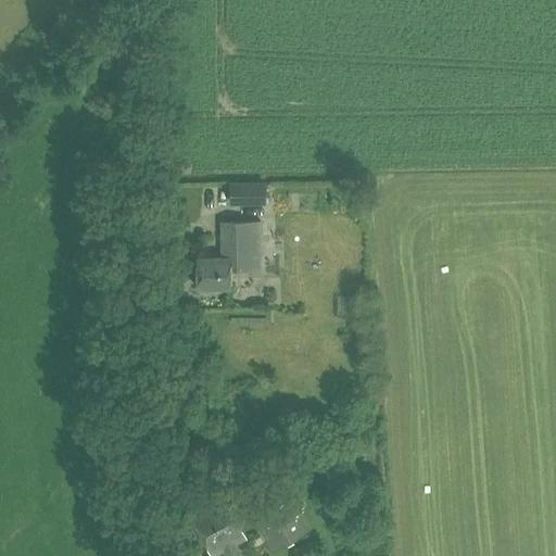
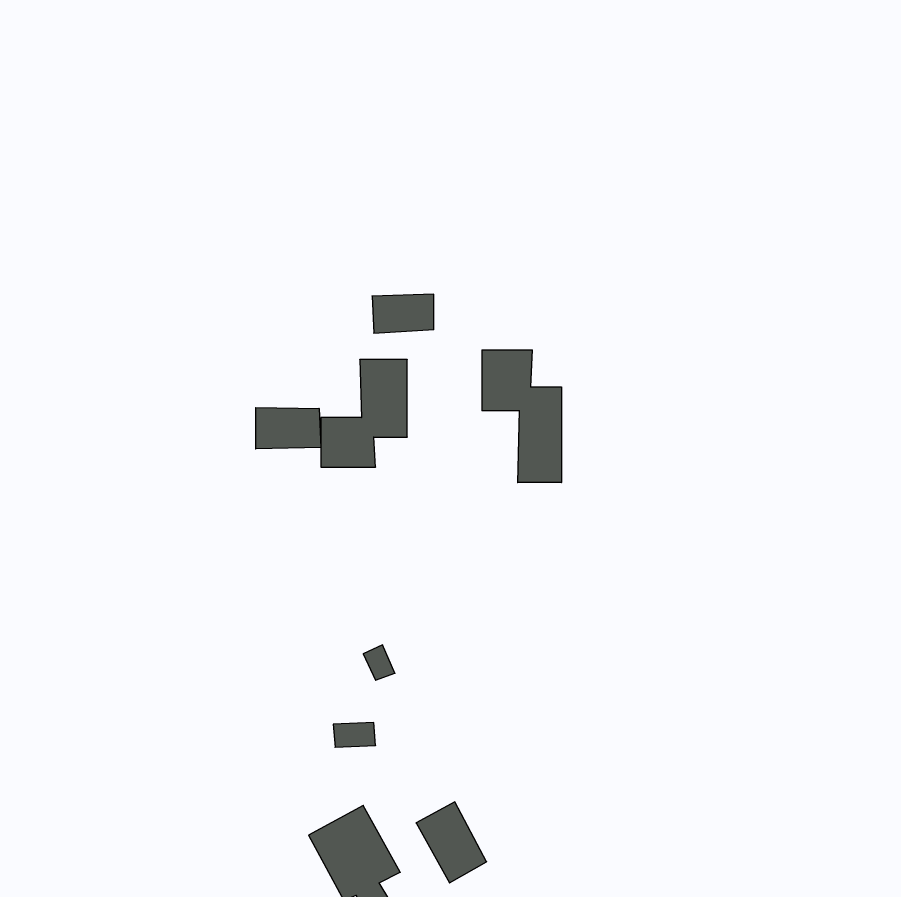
building: none -> [482,350,561,483]
building: none -> [256,408,321,449]

